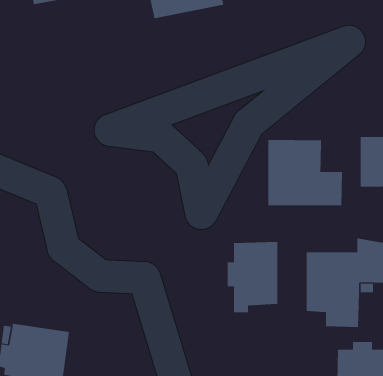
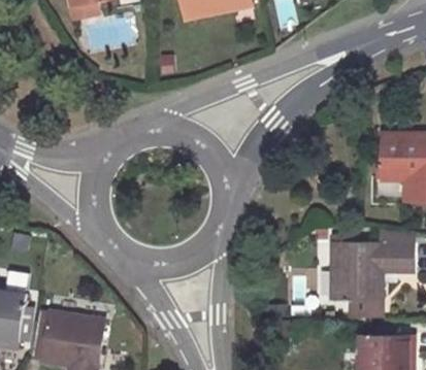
building: [268,139,342,206] -> none
building: [227,241,278,313] -> none

